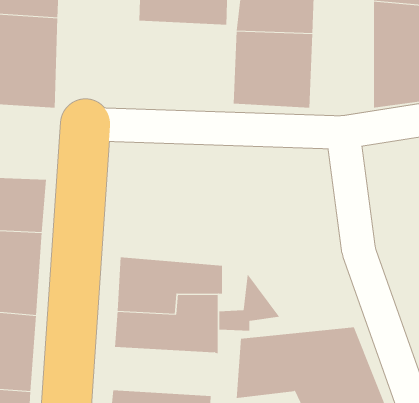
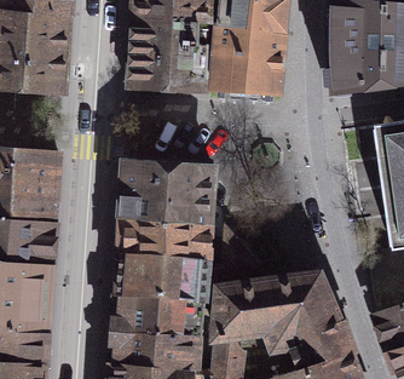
building: none -> [132,19,212,91]
building: none -> [121,166,213,226]
building: none -> [115,295,201,337]

